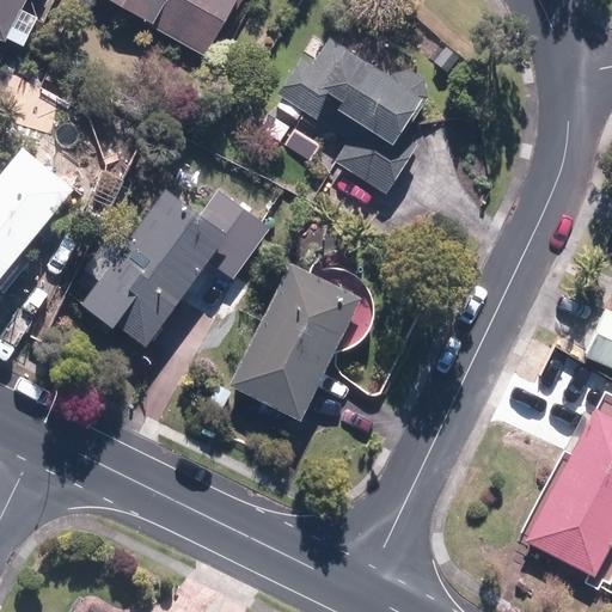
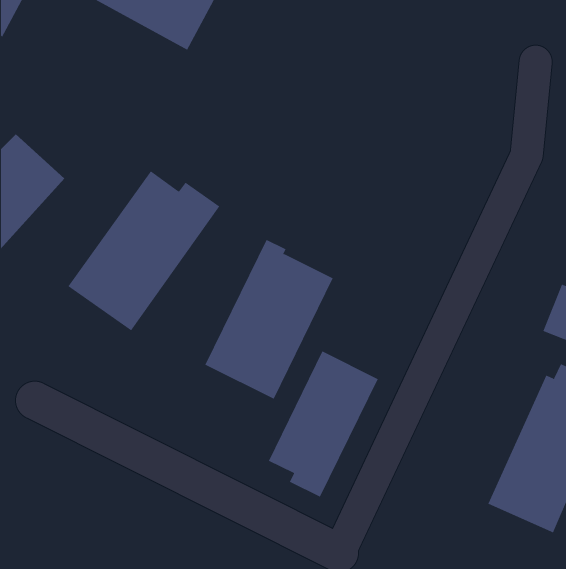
building: [277,48,421,188] -> none
building: none -> [268,350,379,497]

